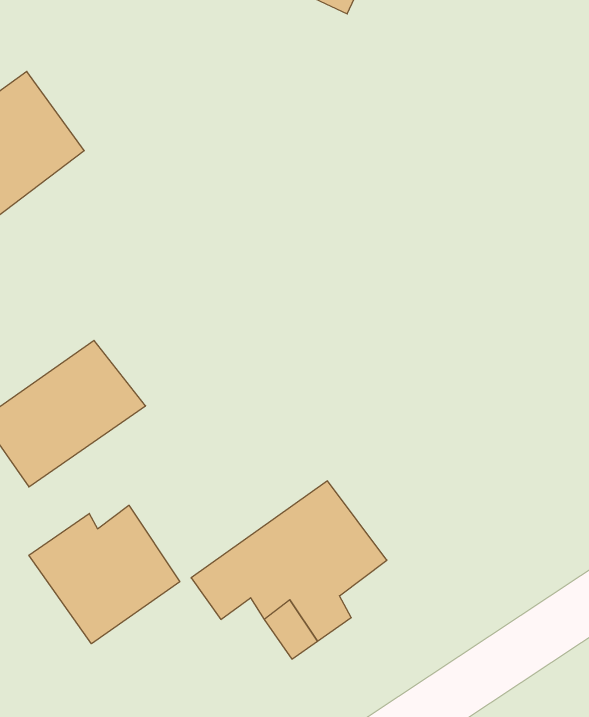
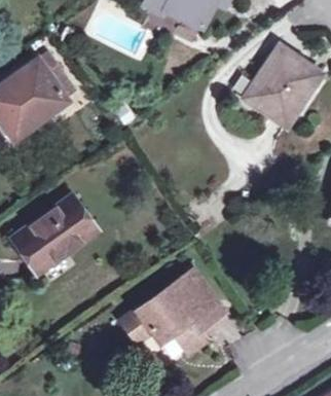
building: none -> [245,46,321,127]
building: [29,505,180,644] -> none

